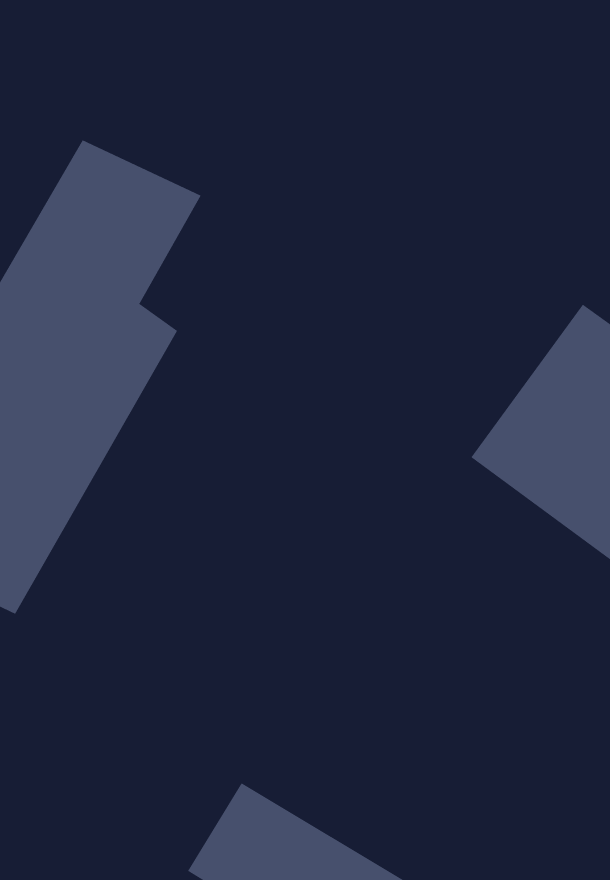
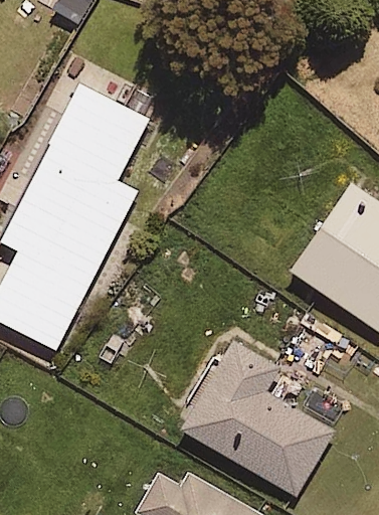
building: none -> [180,334,339,496]

